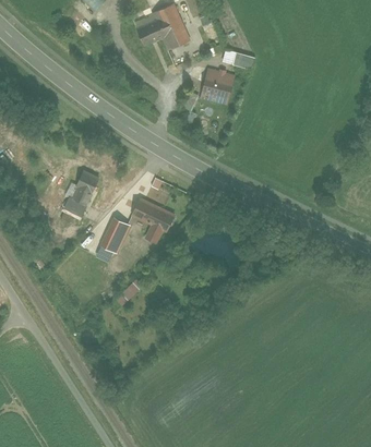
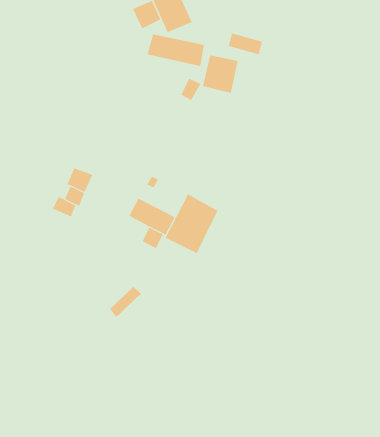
building: none -> [147,34,205,67]
building: none -> [165,194,218,254]
building: [100,218,131,252] -> none

